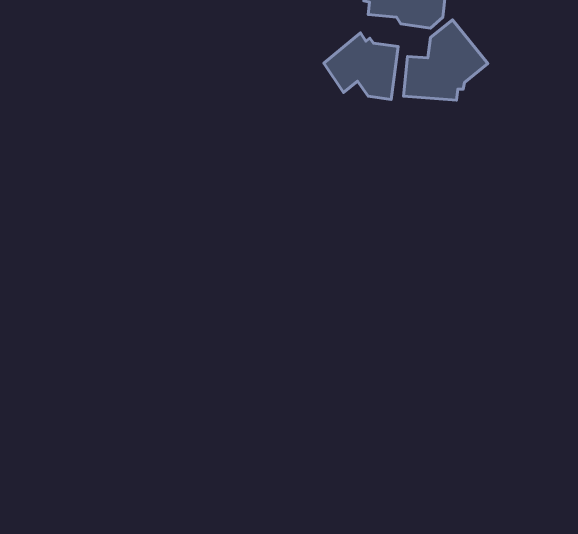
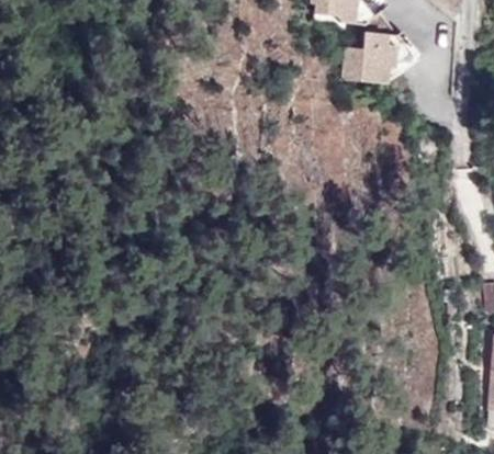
building: [324,33,398,99] -> none

